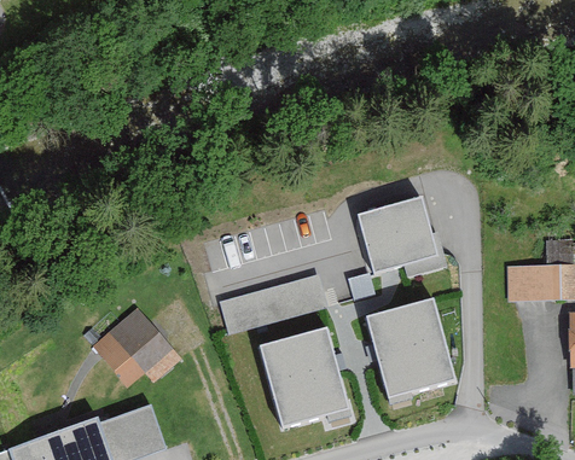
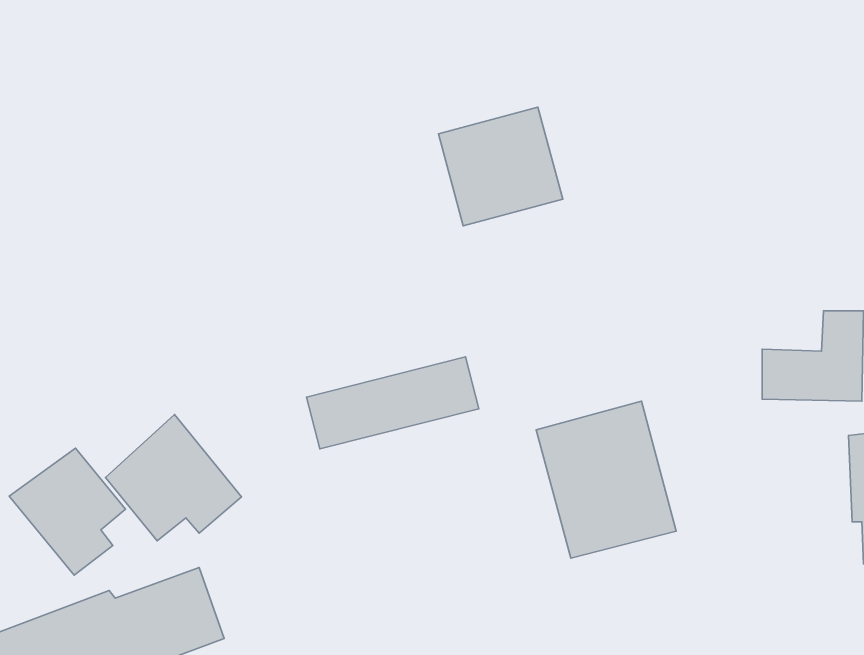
building: [359,198,437,273] -> [438,107,563,226]
building: [261,327,349,429] -> none
building: none -> [9,448,125,575]

